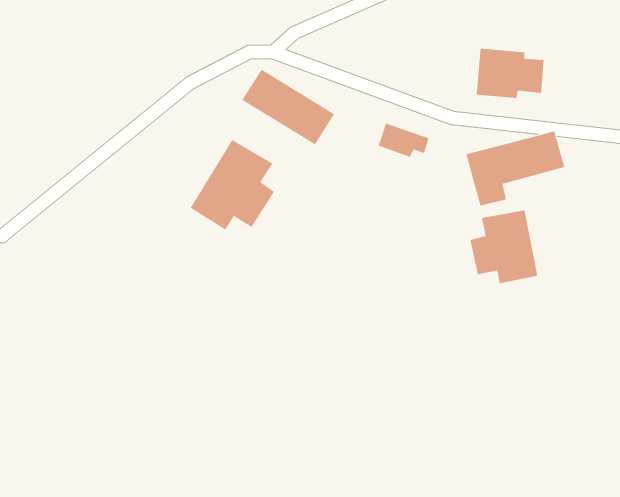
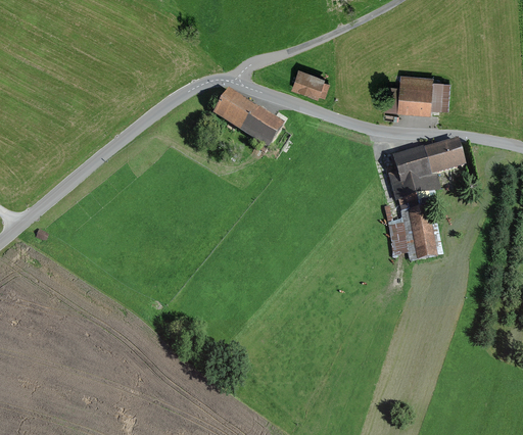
building: [378,123,430,158] -> [292,69,333,97]
building: [190,139,275,230] -> none

